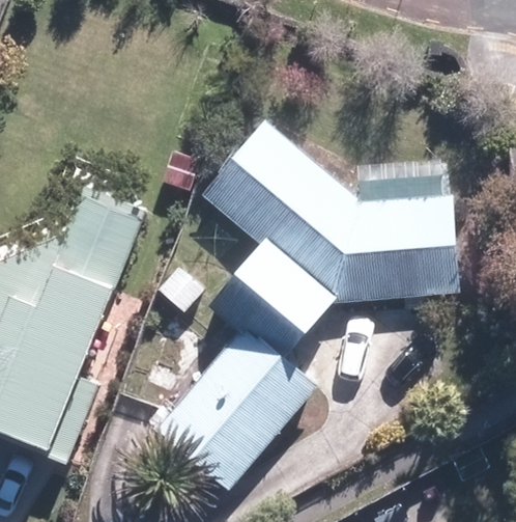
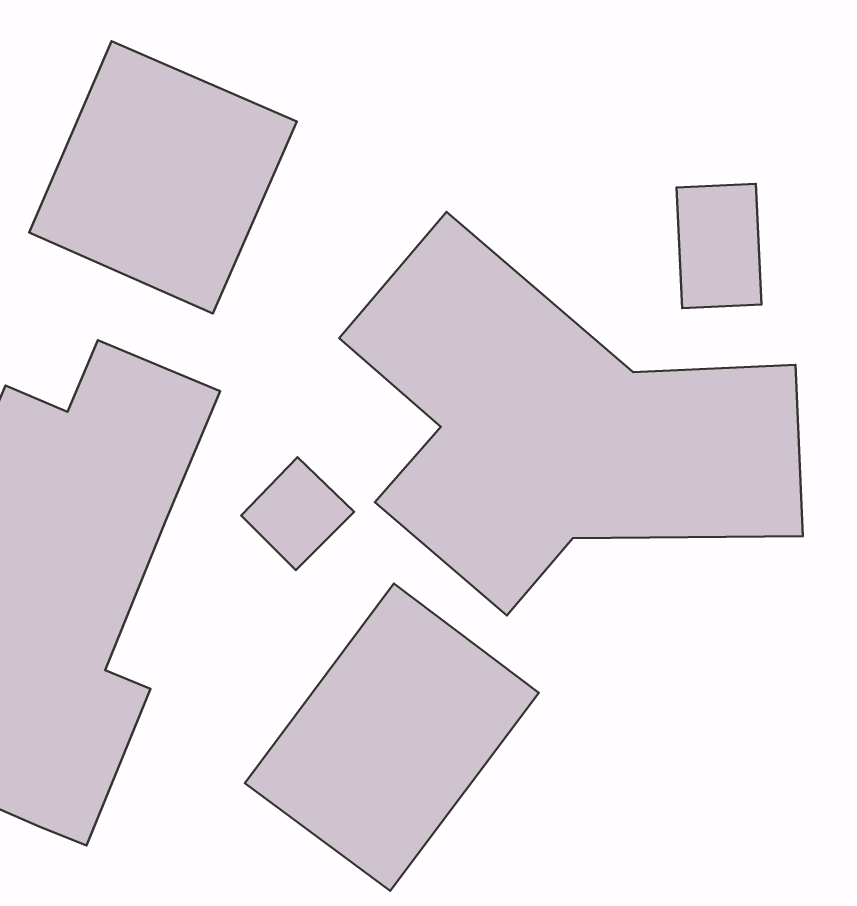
building: none -> [29,41,297,313]

